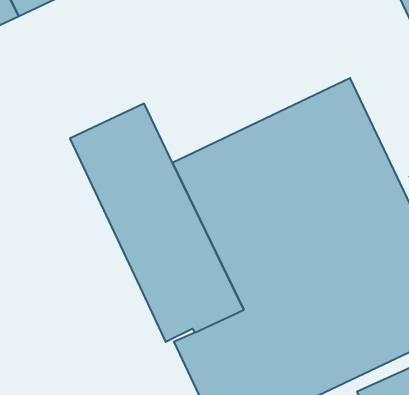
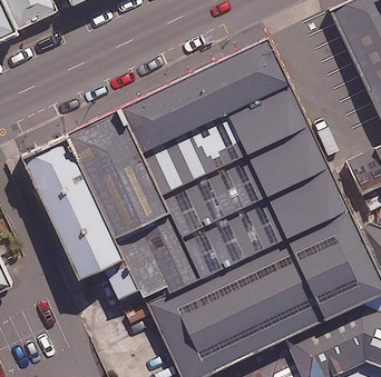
building: none -> [128,37,299,152]
building: none -> [18,132,129,287]

